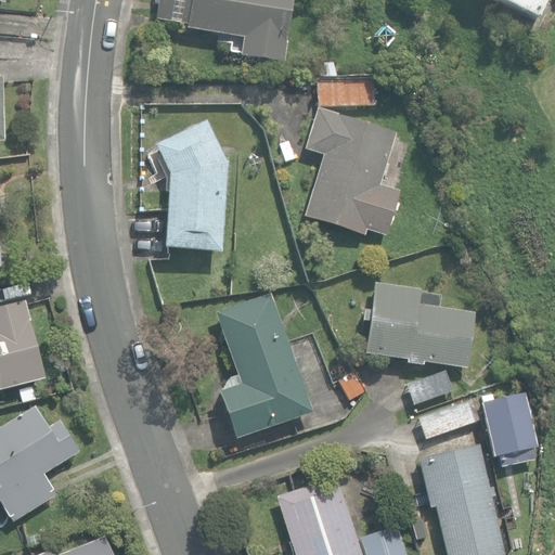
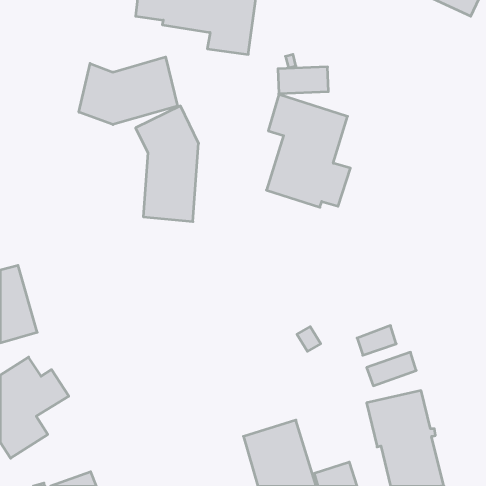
building: none -> [79,57,178,125]
building: [365,283,476,369] -> none
building: [216,293,312,438] -> none
building: [480,391,538,467] -> none

